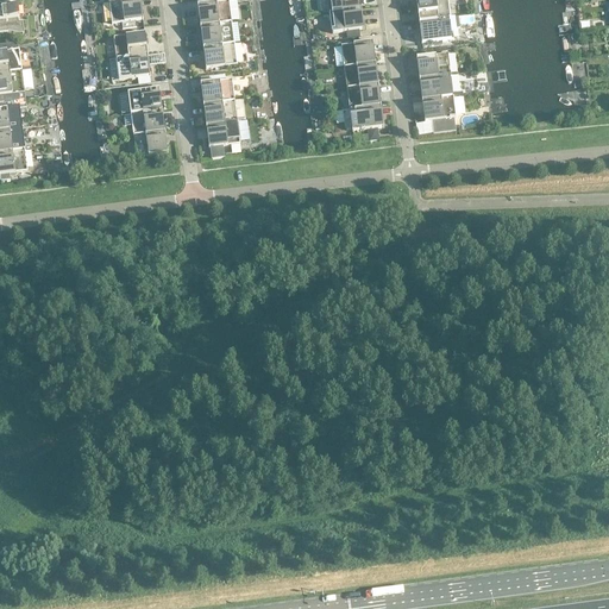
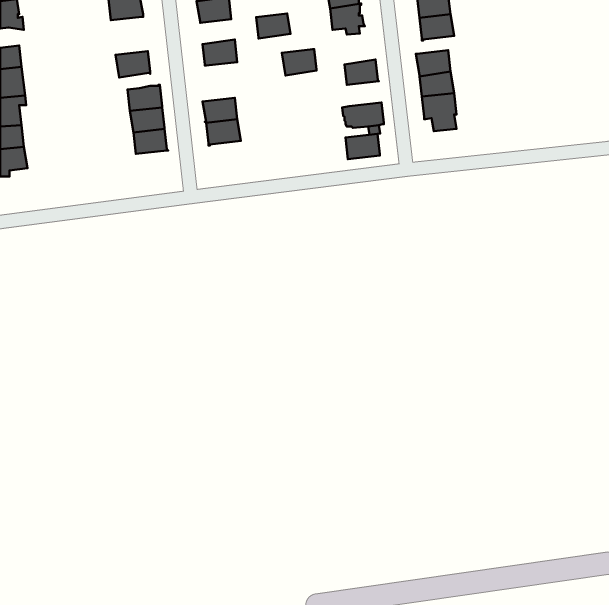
building: [200,19,234,44] -> [256,14,291,39]
building: [113,29,147,55] -> none
building: [340,38,375,64] -> [282,49,316,75]
building: [200,76,234,101] -> none
building: [346,81,381,106] -> [345,134,380,159]

